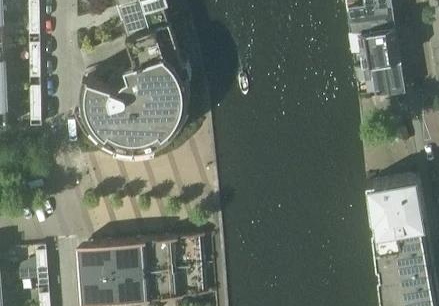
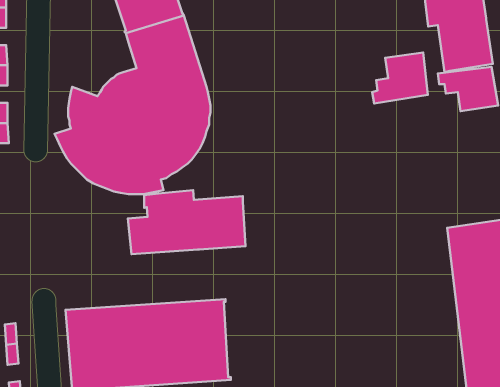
building: none -> [372,52,428,104]
building: none -> [128,190,245,254]

